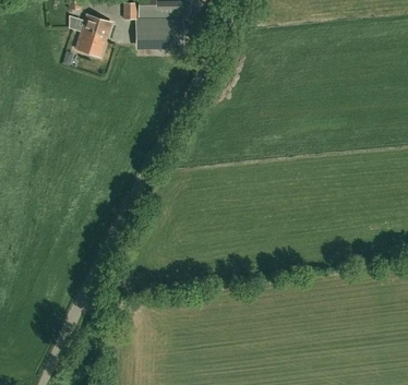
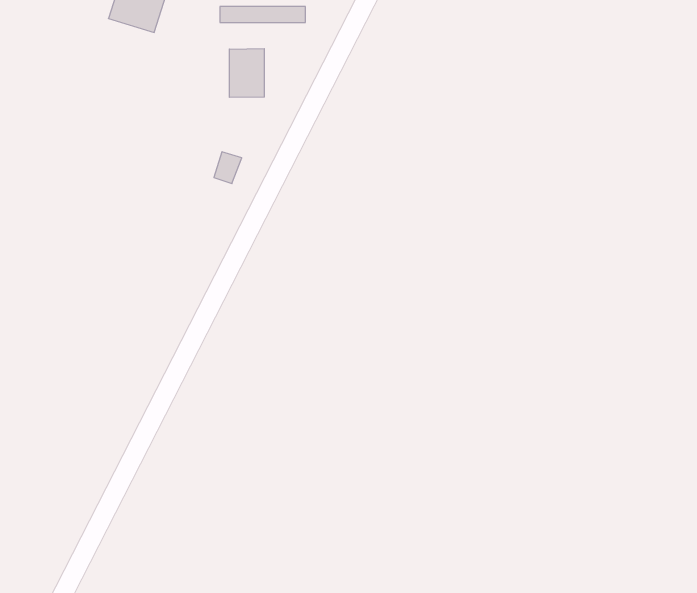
building: none -> [229,49,264,97]

